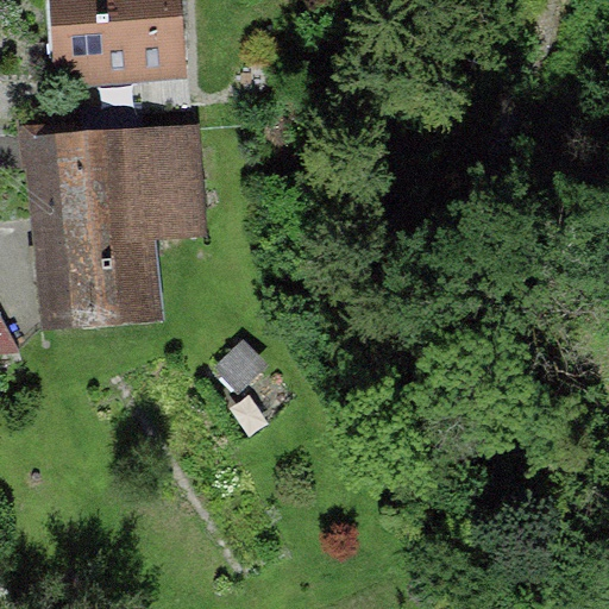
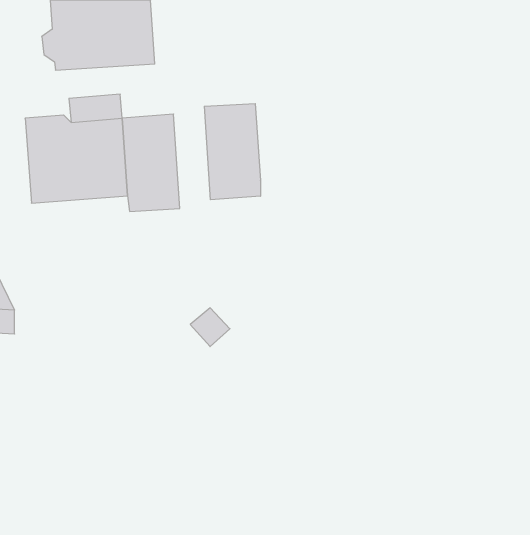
building: none -> [204,104,260,200]
building: [36,222,152,324] -> none

